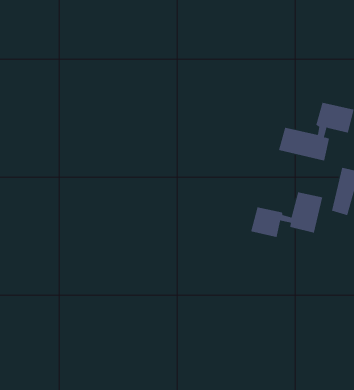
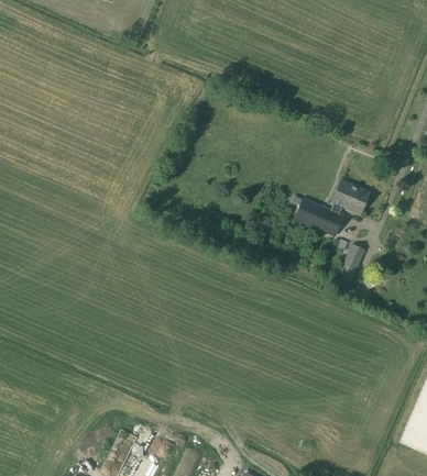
building: [250,191,323,238] -> none

